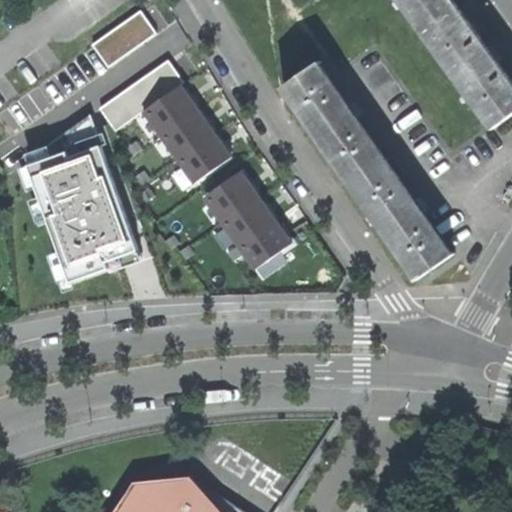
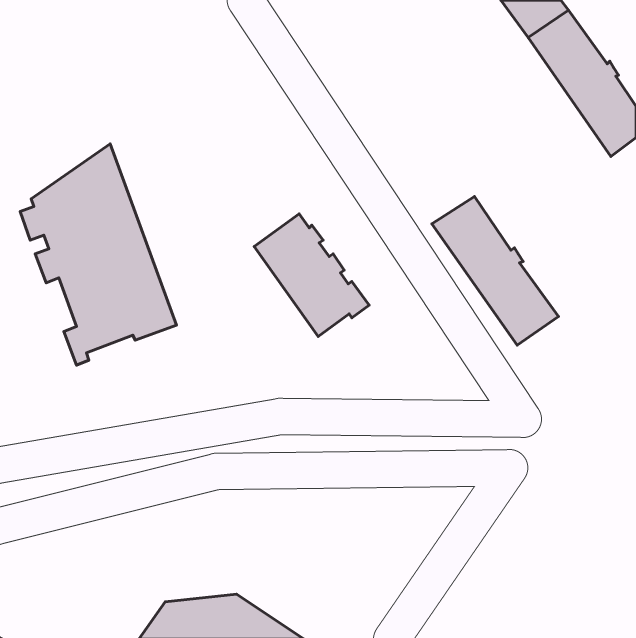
building: [90,11,154,68] -> none
building: [98,61,230,184] -> none
building: [280,62,379,180] -> none

